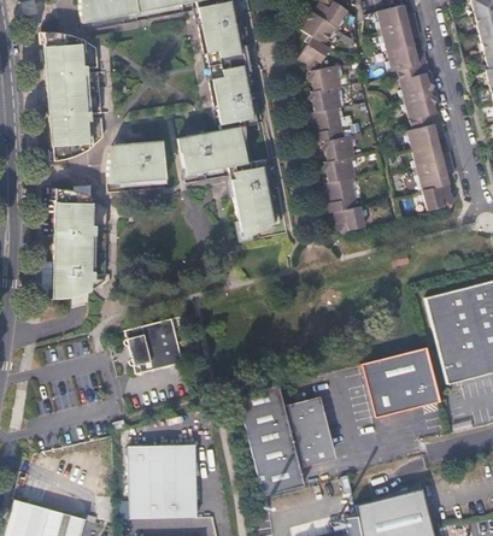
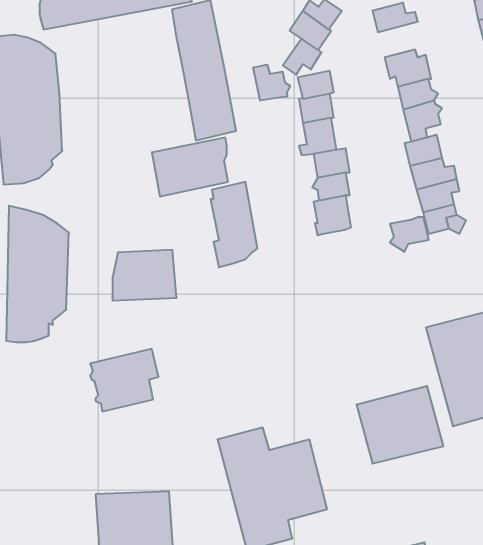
building: [382,20,421,53] -> none
building: none -> [253,65,290,101]
building: [108,142,166,188] -> [112,250,177,301]
building: [333,206,368,237] -> [390,217,429,252]

